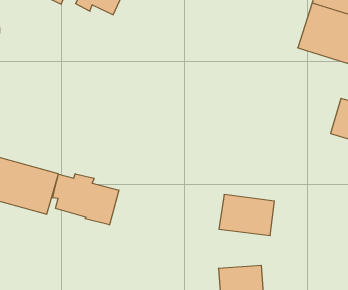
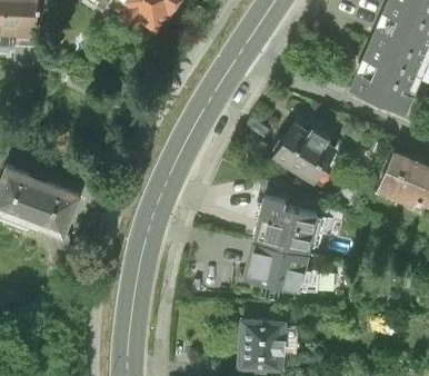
building: none -> [273,118,340,182]
building: none -> [256,194,319,253]
building: [53,174,119,225] -> none

